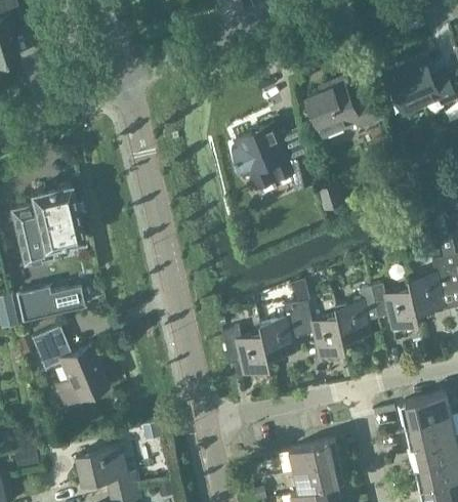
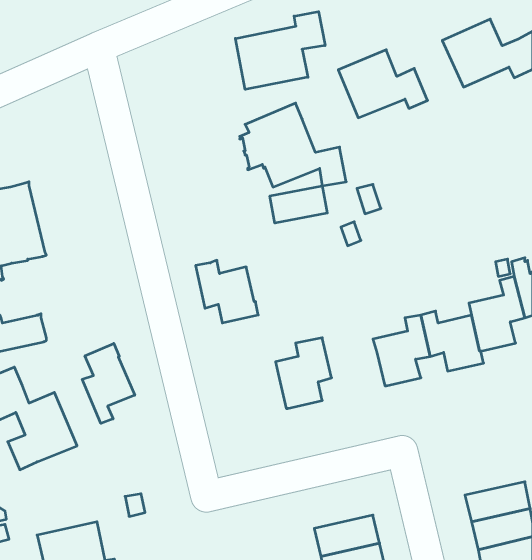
building: none -> [235,12,325,89]
building: none -> [270,186,327,223]
building: [295,302,346,359] -> none
building: none -> [82,343,135,423]
building: [222,328,270,376] -> [196,260,258,323]
building: [401,394,451,426] -> none

